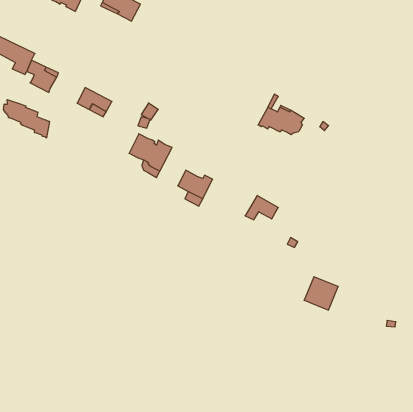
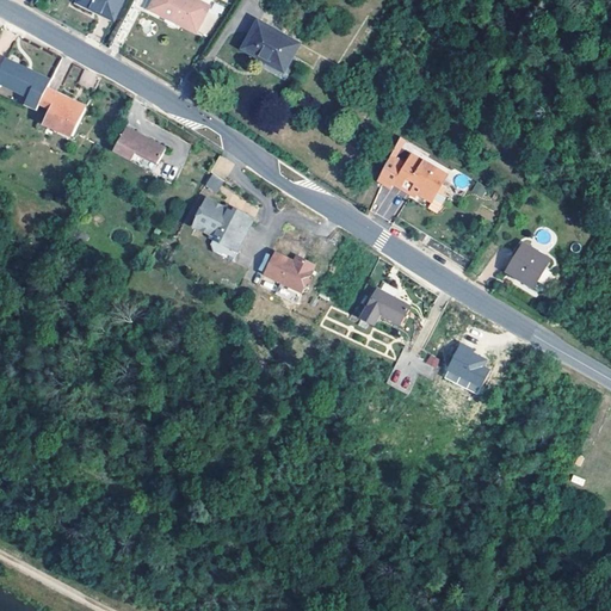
building: none -> [242,21,297,66]
building: [4,100,49,138] -> none
building: none -> [506,242,550,286]
building: [304,277,338,310] -> [440,340,490,389]

